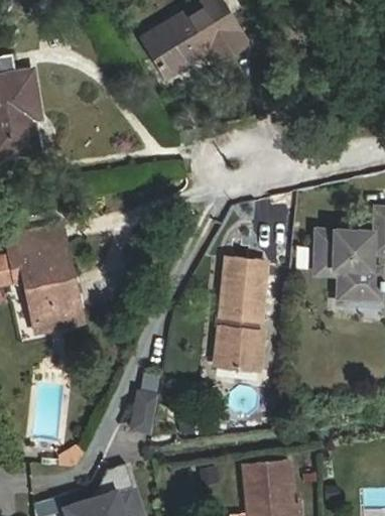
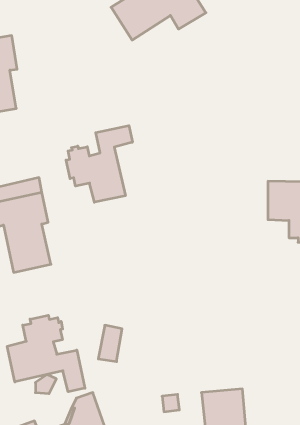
building: none -> [66,126,132,202]
building: [215,257,268,370] -> none
building: none -> [7,315,85,392]

